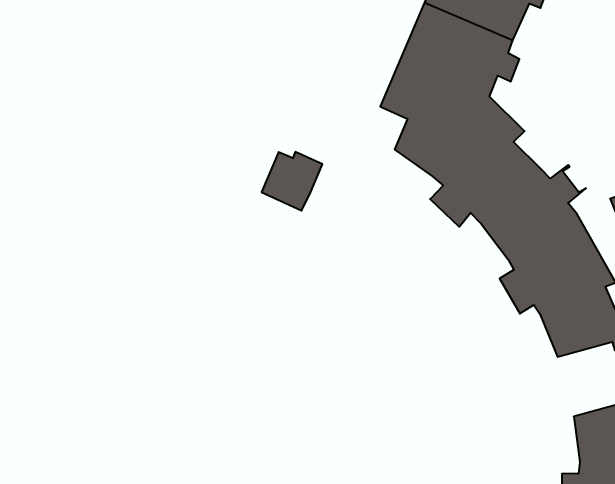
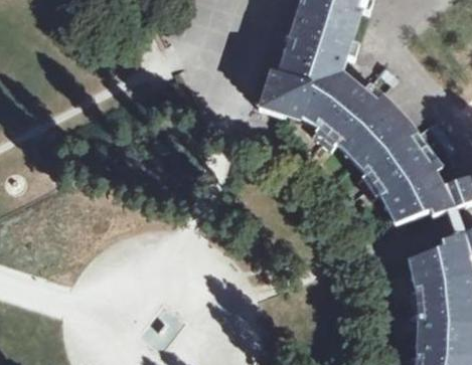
building: [262,152,322,211] -> [260,79,295,115]

